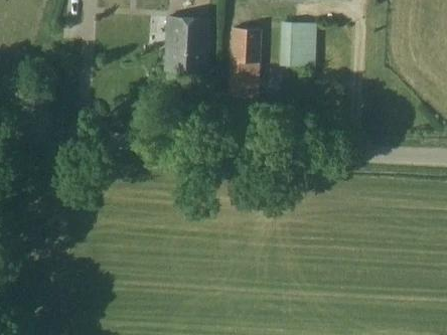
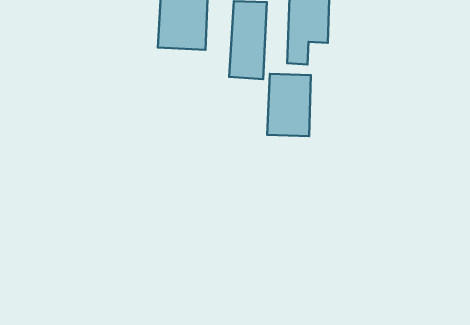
building: none -> [267,74,311,136]

